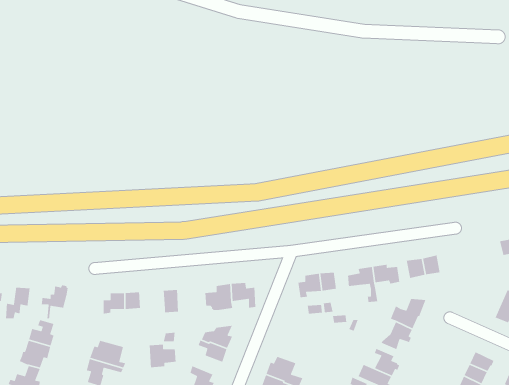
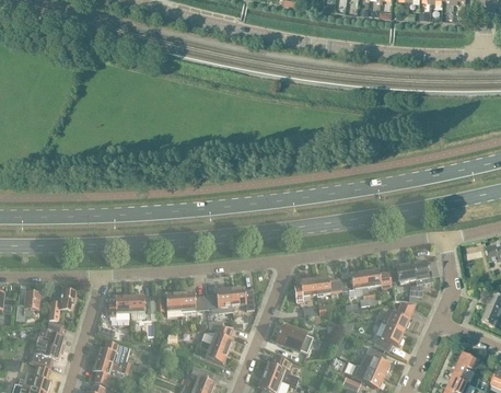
building: none -> [276,323,313,352]
building: [149,344,177,368] -> [179,291,206,314]

